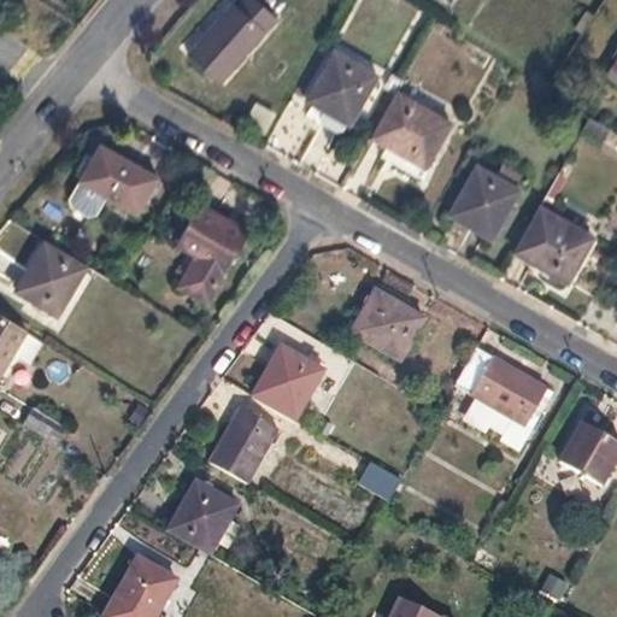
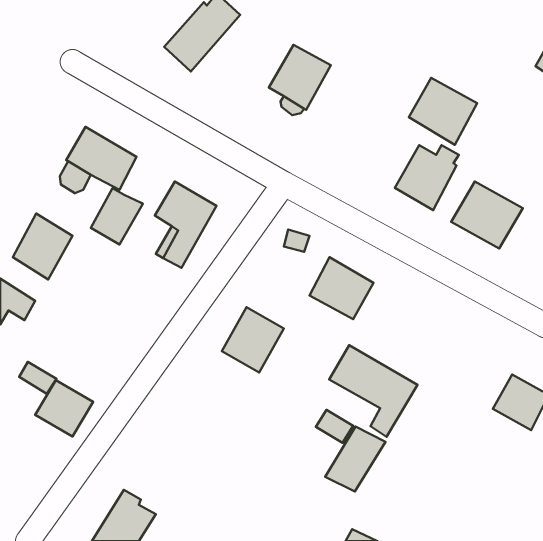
building: [371,90,448,166] -> [409,78,477,145]
building: none -> [91,188,143,244]
building: [454,347,554,451] -> [329,345,418,437]
building: [210,409,278,484] -> none
building: none -> [35,380,93,437]
building: [169,481,240,556] -> none
building: none -> [325,426,385,491]

